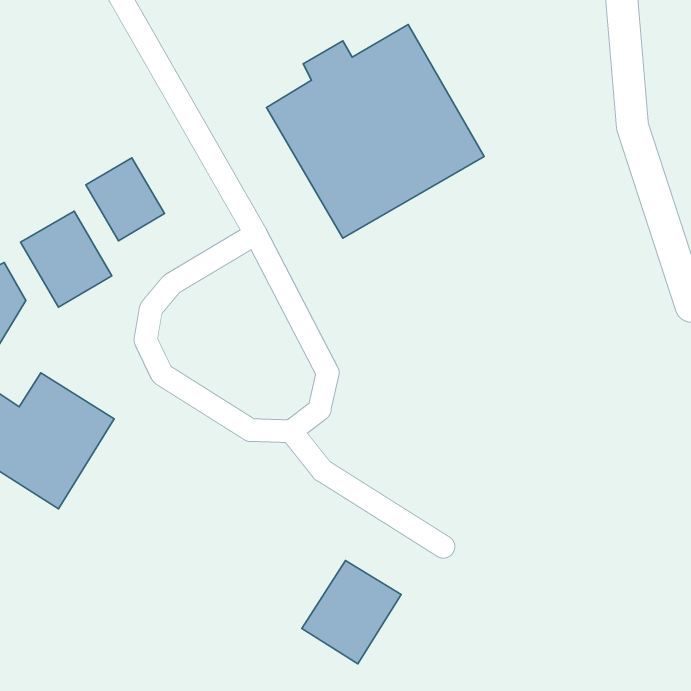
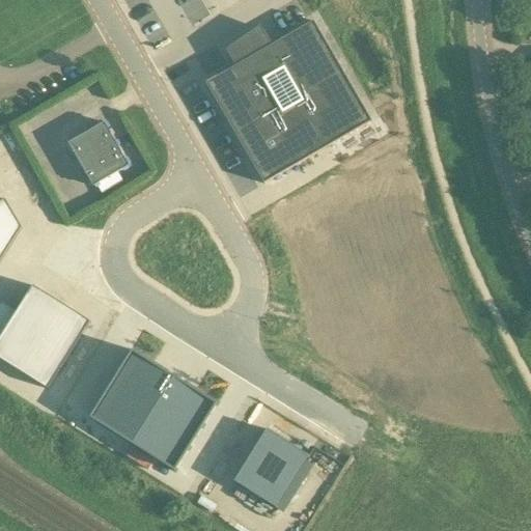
building: [21,211,112,307] -> none
building: none -> [87,347,214,469]

